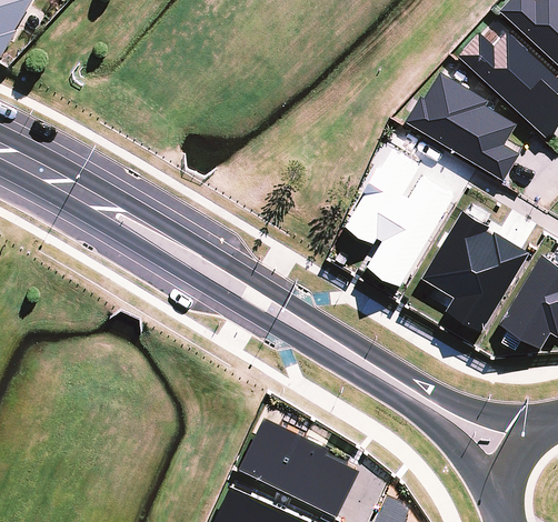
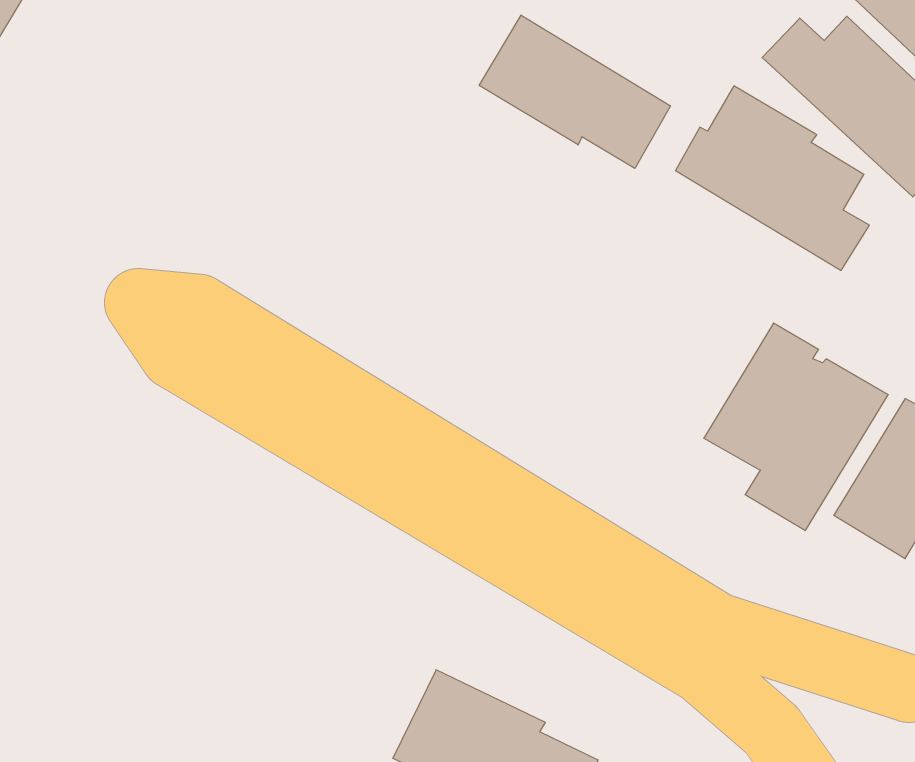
building: none -> [479,15,670,168]
building: [345,144,455,289] -> none

